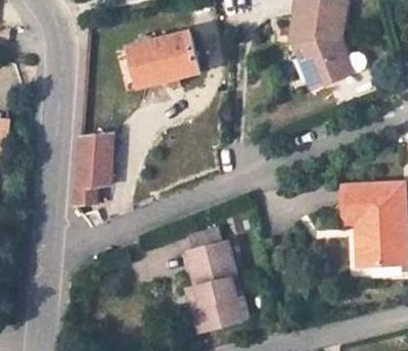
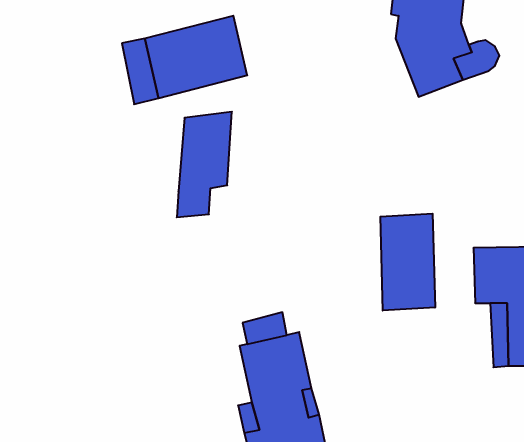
building: [76,134,112,204] -> [177,112,232,217]
building: none -> [380,214,435,311]

